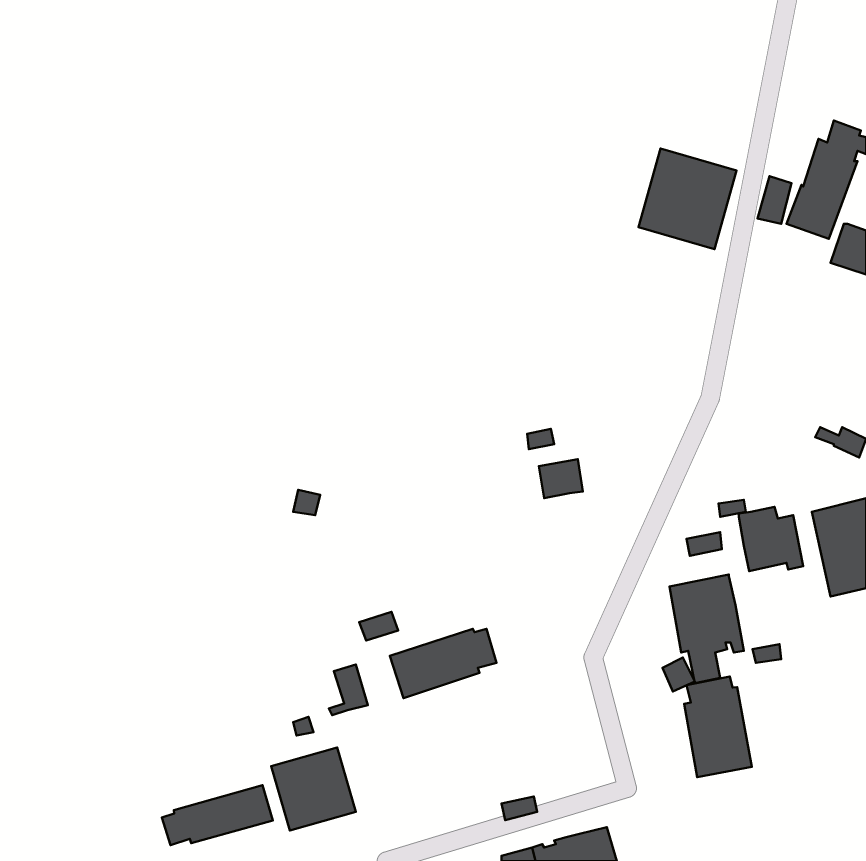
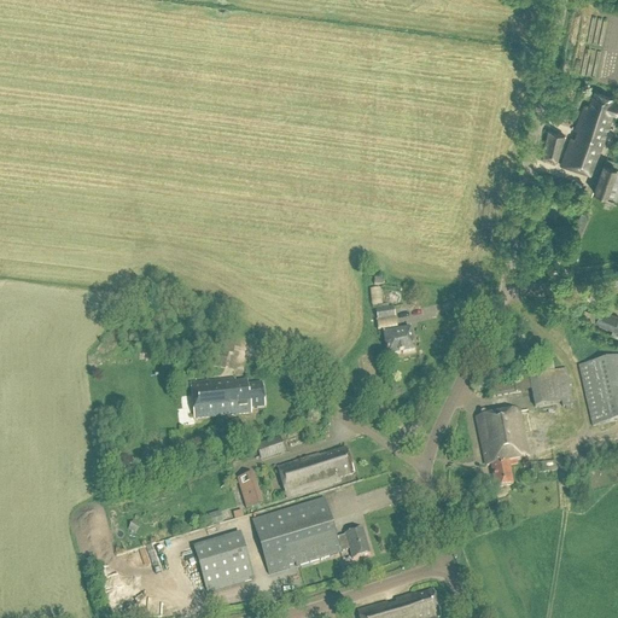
building: [638,149,736,249] -> none
building: none -> [190,377,264,419]
building: [684,676,752,777] -> none
building: none -> [252,497,369,572]
building: [162,785,273,845] -> none

